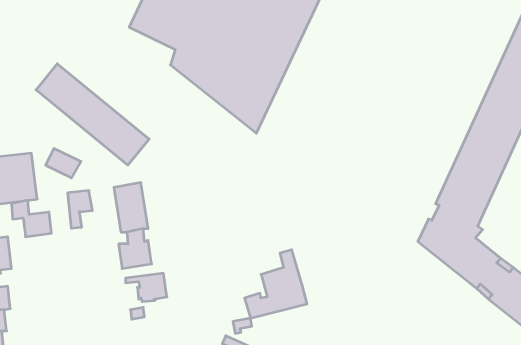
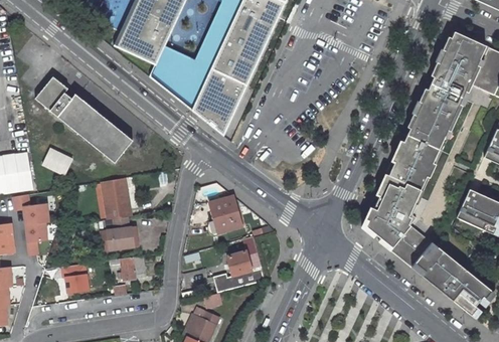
building: [68,191,92,228] -> [25,220,46,252]
building: none -> [210,194,241,230]
building: none -> [62,262,93,294]

